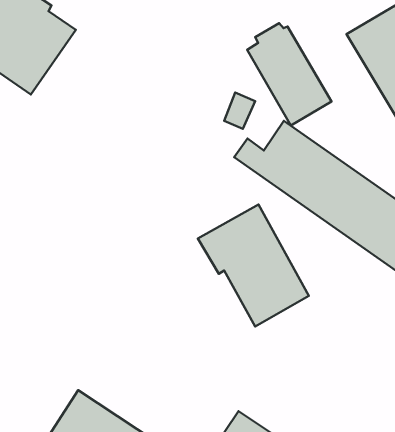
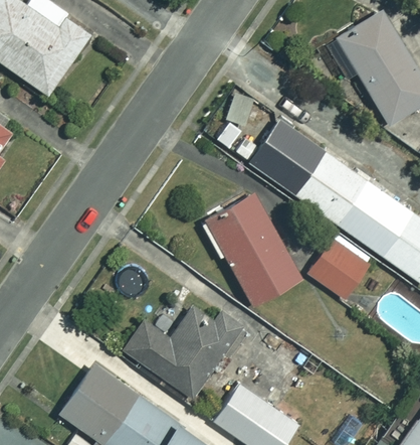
building: [247,23,331,125] -> none
building: none -> [308,235,373,300]
building: none -> [125,301,237,397]

